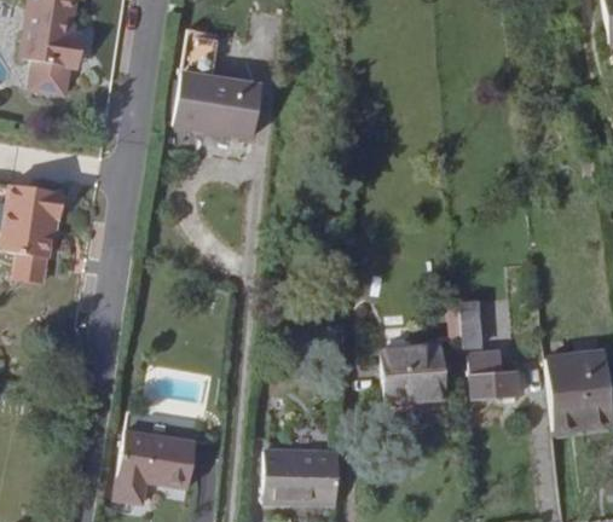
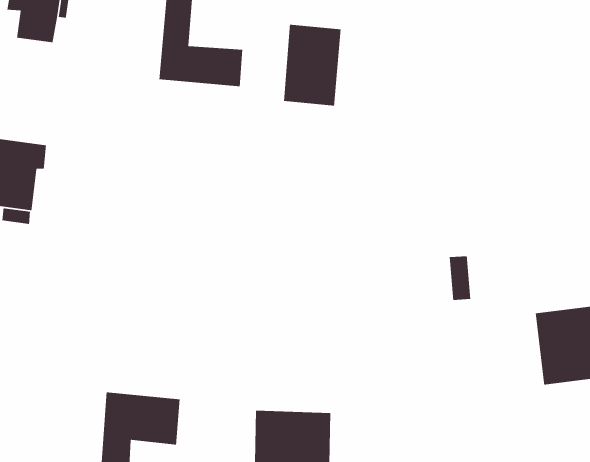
building: none -> [283,24,342,107]
building: [369,344,446,400] -> none
building: [469,348,519,396] -> none

